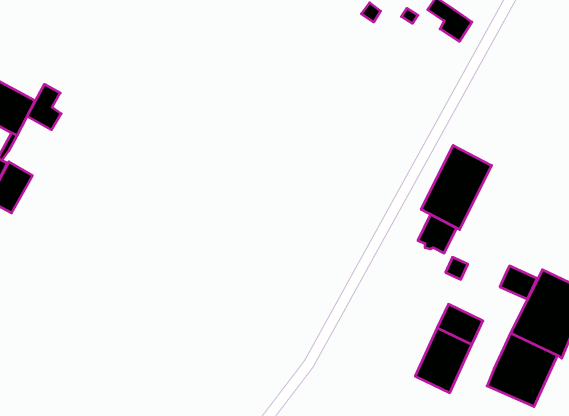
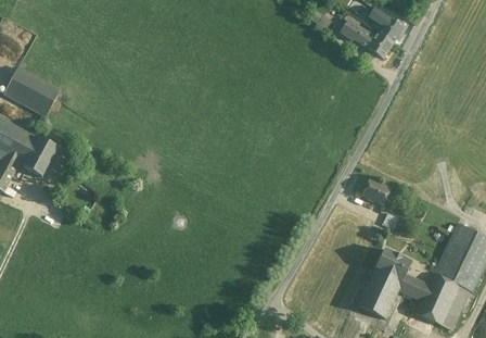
building: none -> [354,27,393,57]
building: [27,84,61,130] -> none
building: [421,145,492,230] -> none
building: [500,266,537,299] -> [398,274,427,300]

